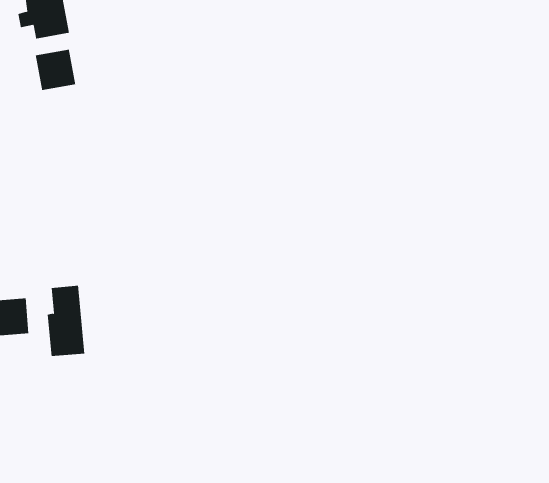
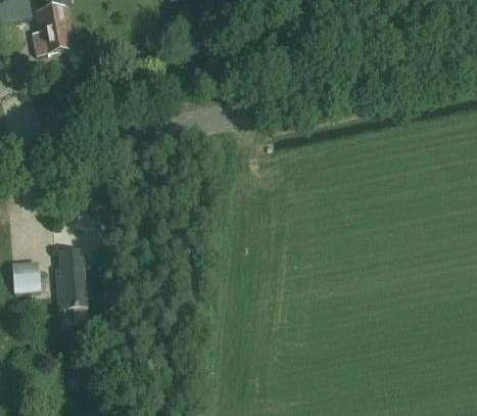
building: [35,49,76,91] -> none

